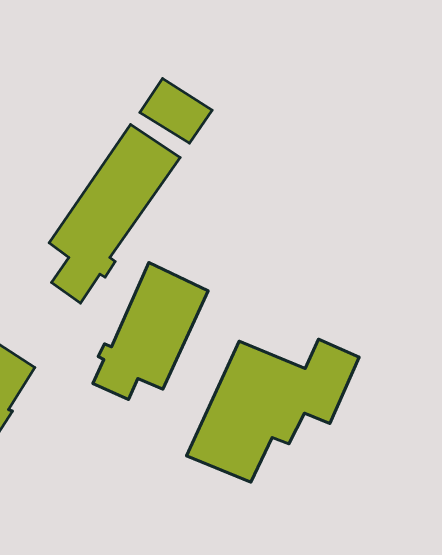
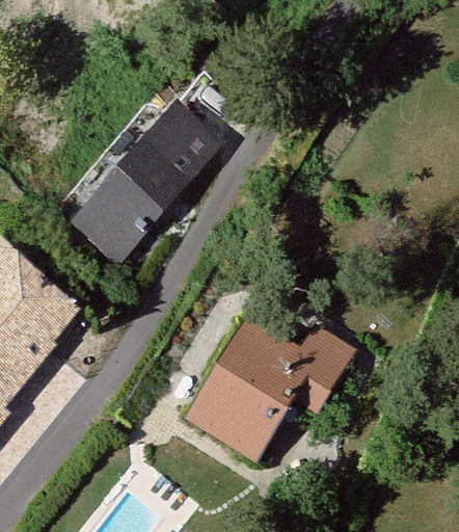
building: [93,263,208,399] -> none

